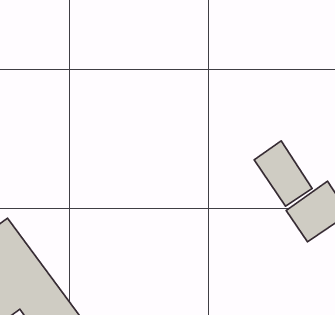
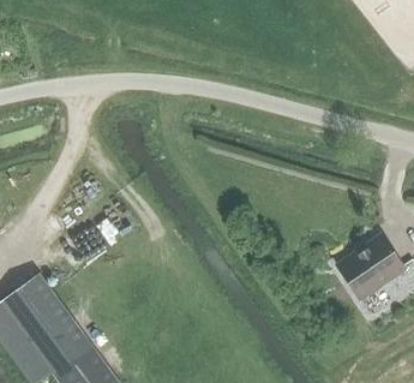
building: [254,141,312,206] -> none

